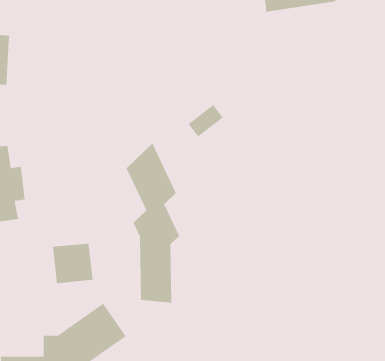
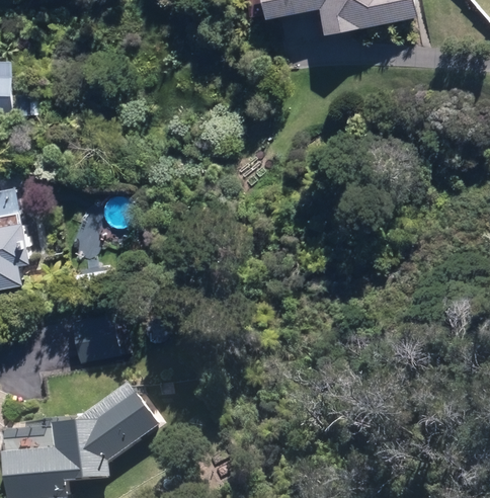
building: [126,142,180,303] -> none

